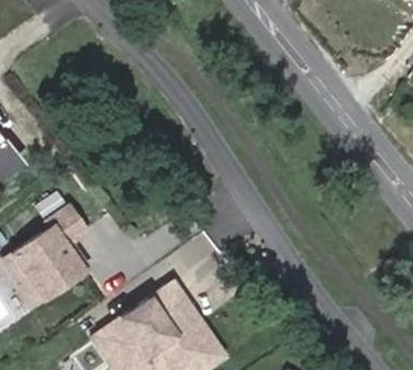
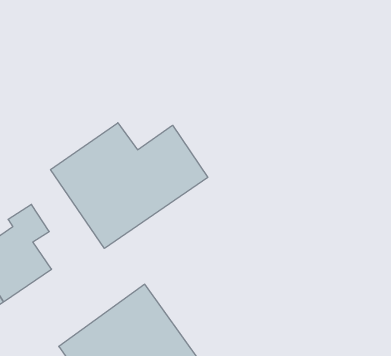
building: none -> [51,123,208,248]

